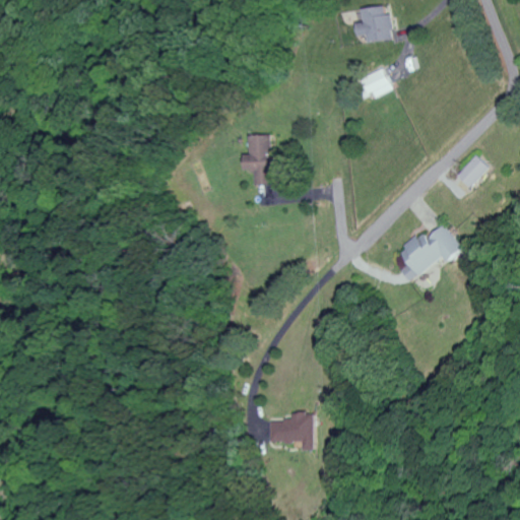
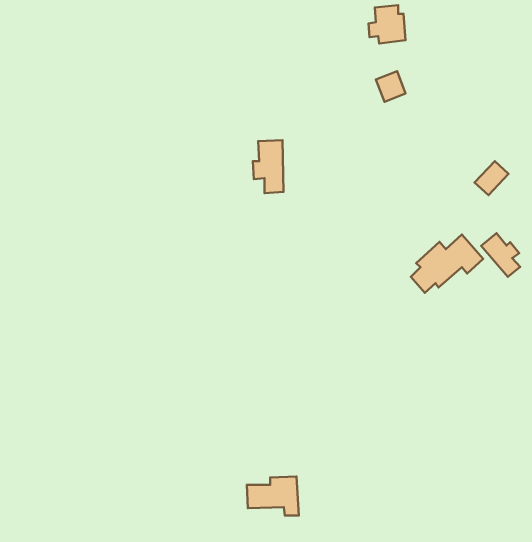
building: none -> [481,233,520,277]
building: [266,412,316,450] -> [247,476,299,516]

